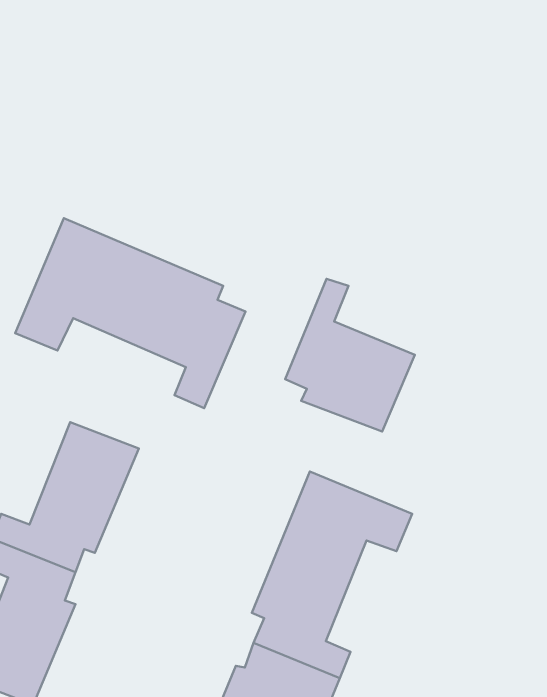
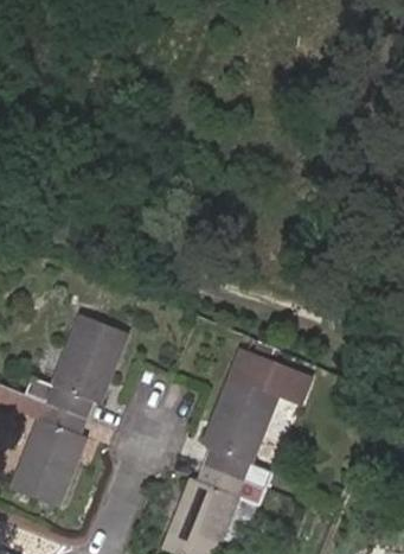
building: [15,218,246,408] -> none
building: [285,279,415,431] -> none

